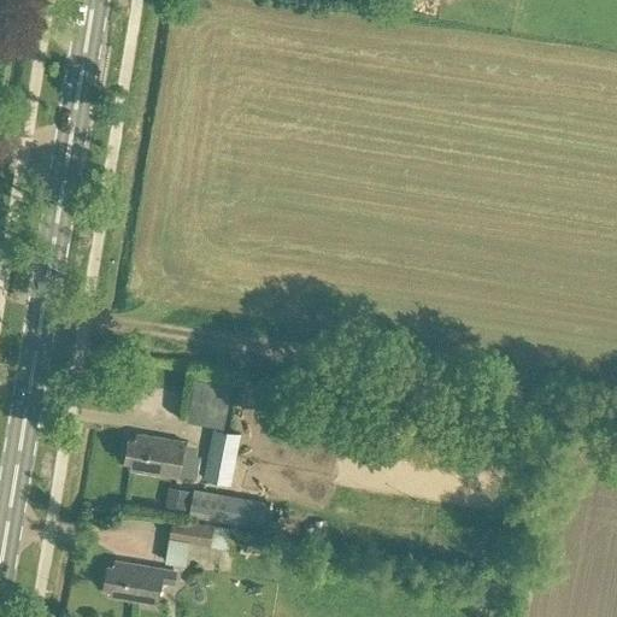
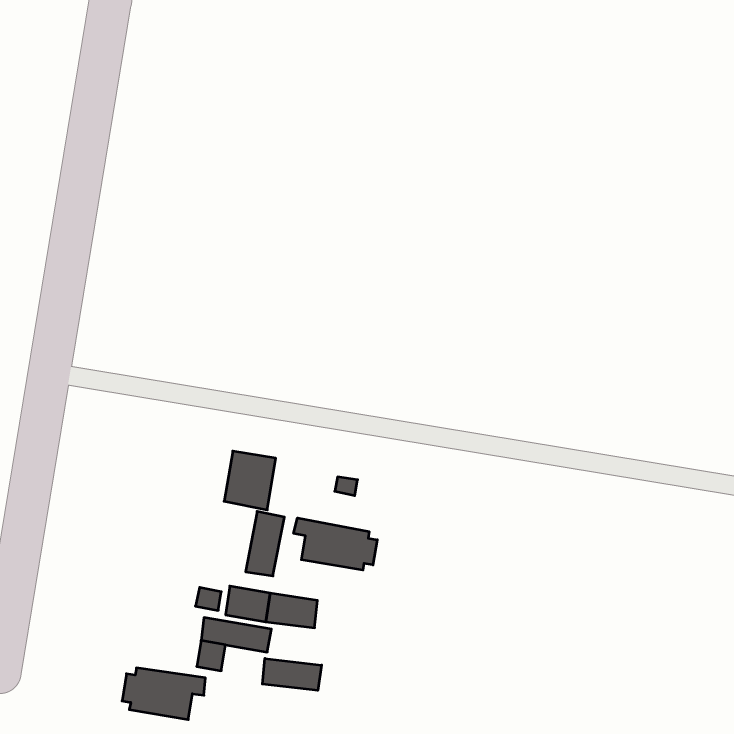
building: [123,434,184,477] -> none
building: none -> [294,518,377,570]
building: none -> [262,658,322,690]

